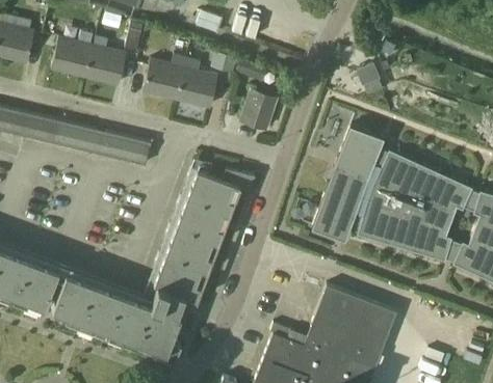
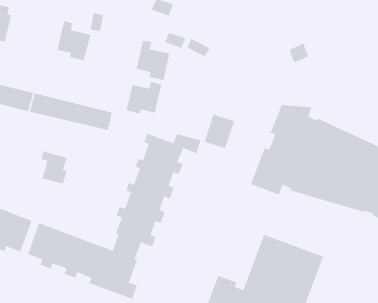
building: [51,37,93,77] -> none
building: [144,56,186,100] -> [125,81,162,118]
building: [241,89,278,131] -> [204,114,235,149]
building: none -> [41,150,70,184]

